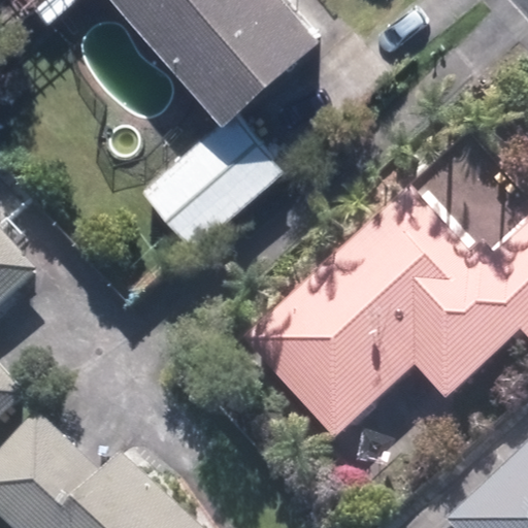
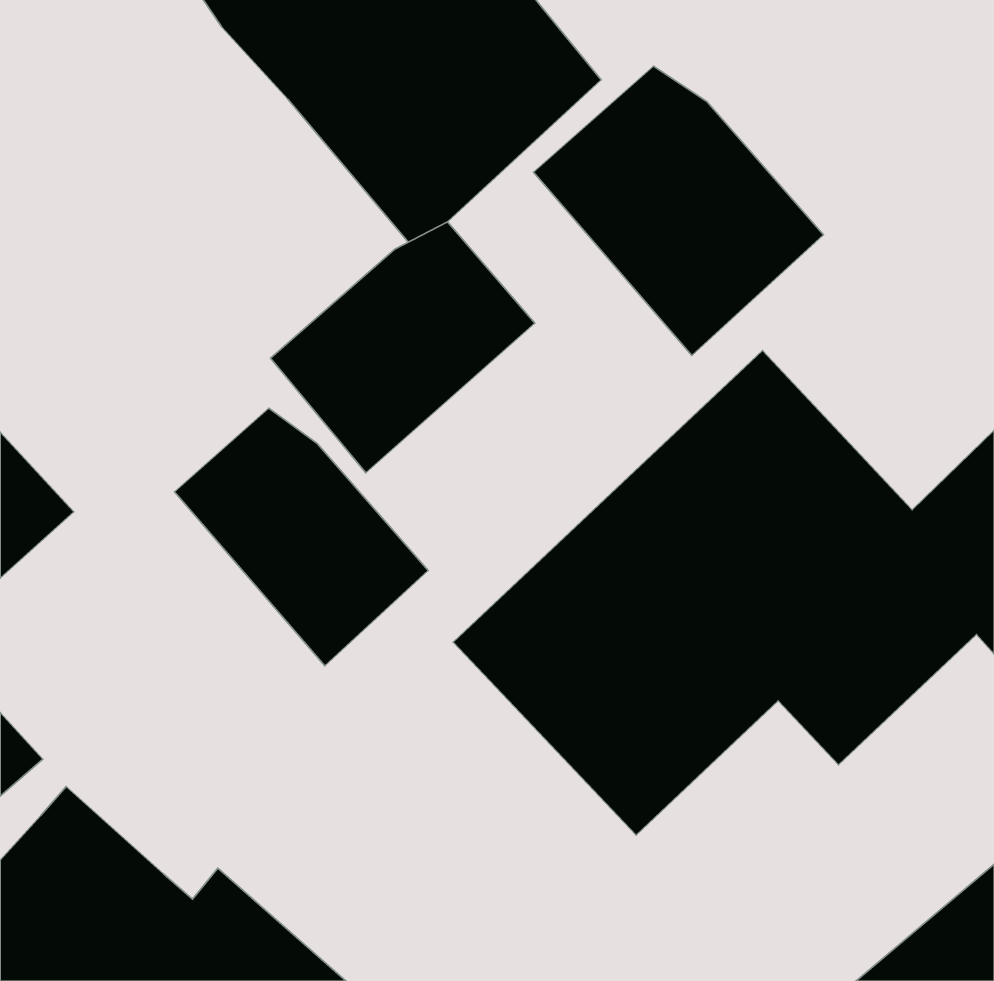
building: none -> [534,66,823,355]
building: none -> [174,408,428,666]

